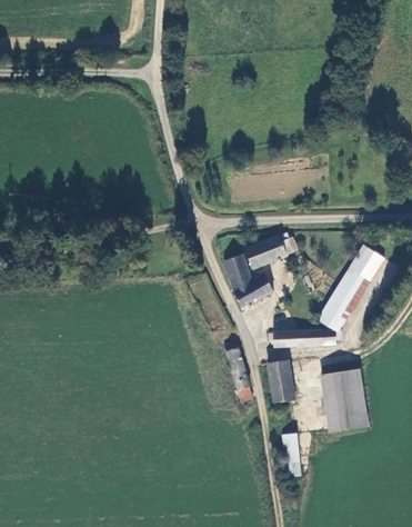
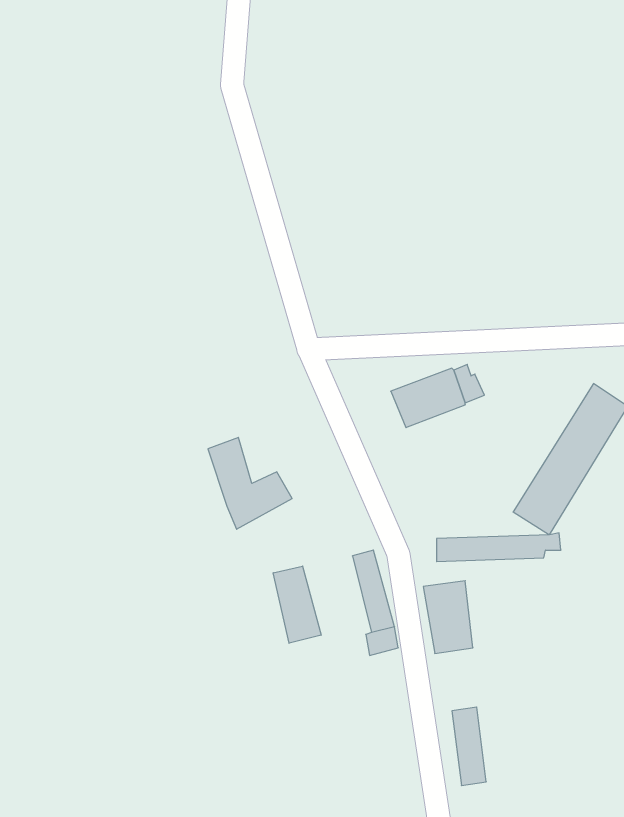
building: [225,255,274,308] -> [208,437,292,529]
building: none -> [273,566,321,643]
building: [325,371,360,431] -> none

